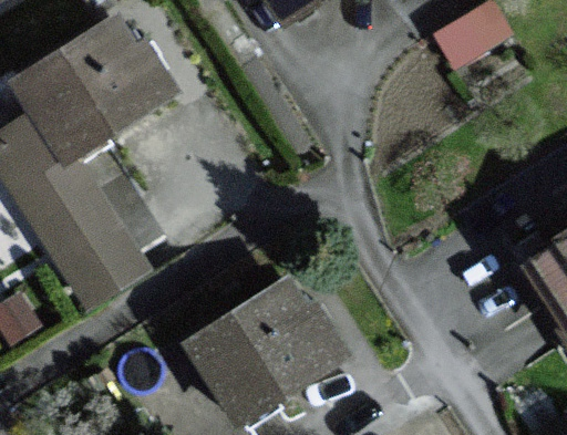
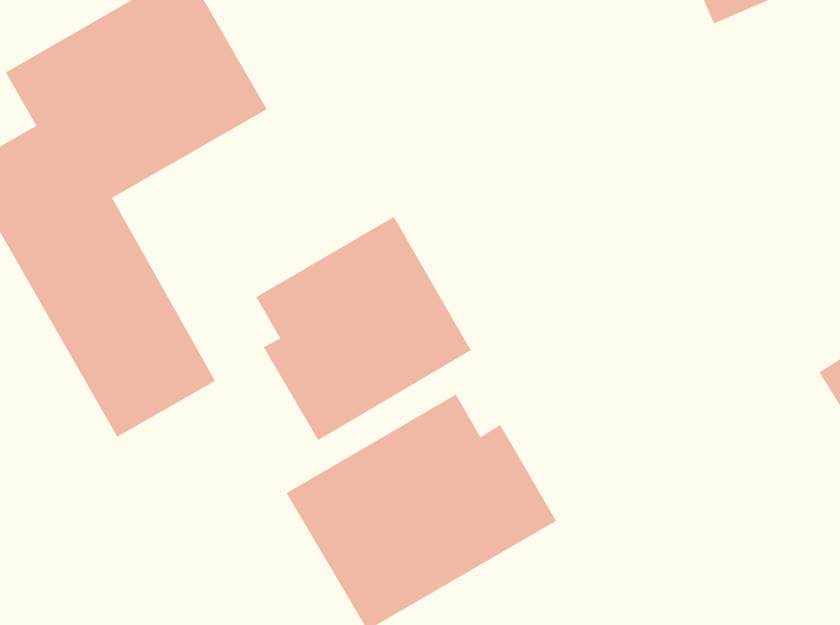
building: none -> [255,216,472,441]

